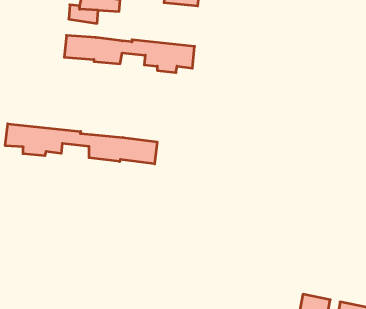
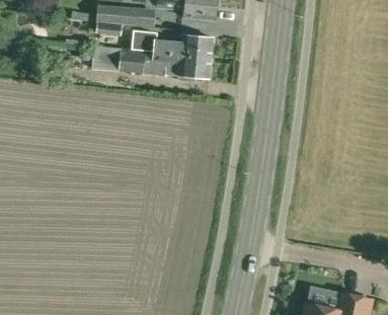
building: none -> [131,29,214,58]
building: [5,124,157,164] -> none

